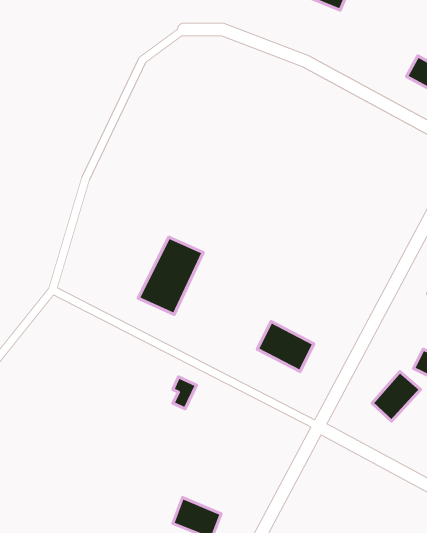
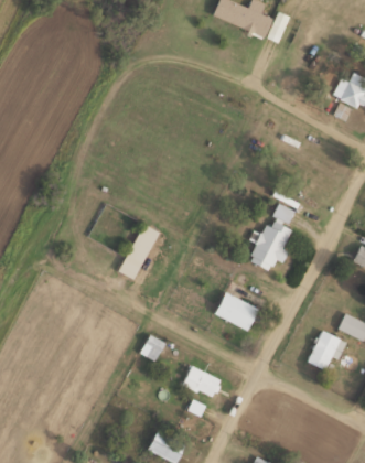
building: none -> [249,203,296,271]
building: none -> [182,366,222,398]

